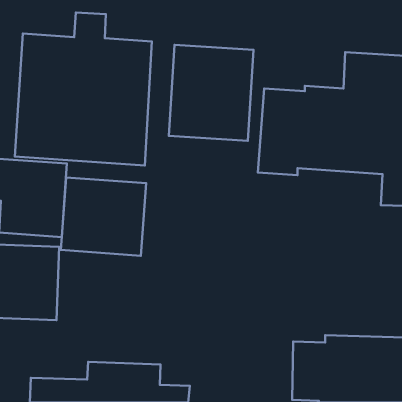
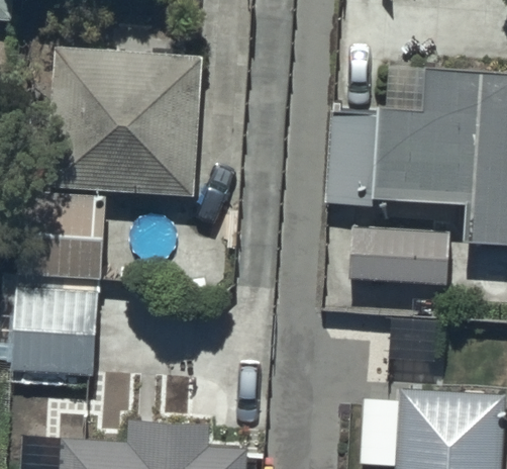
building: [169,45,254,141] -> none
building: [61,177,146,256] -> none
building: none -> [348,225,450,286]

